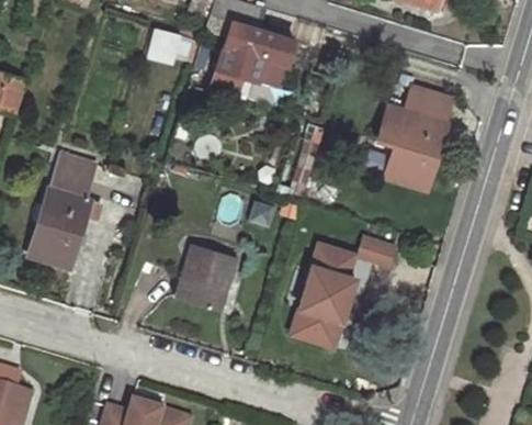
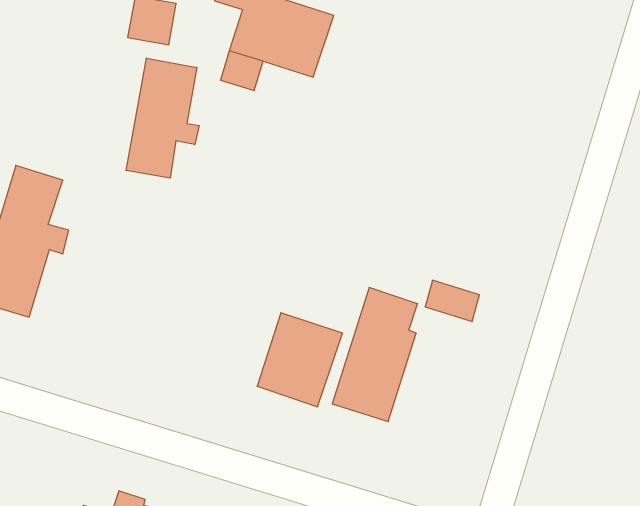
building: none -> [126,58,199,178]
building: [382,86,456,188] -> none
building: [174,243,238,313] -> [257,313,343,407]

